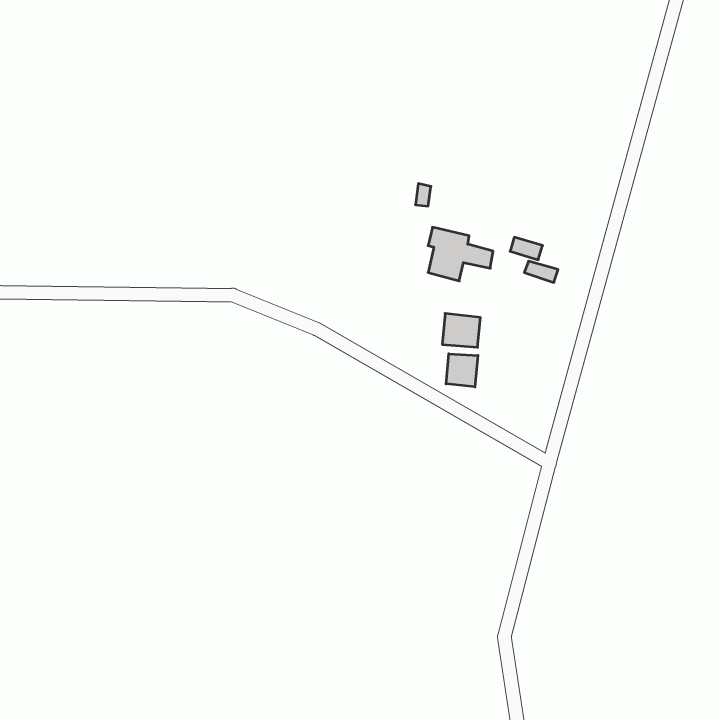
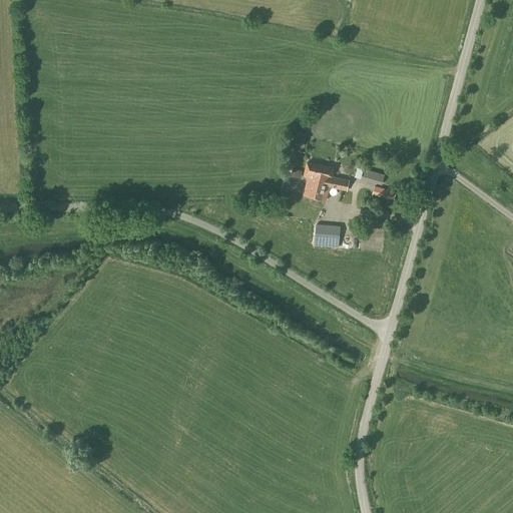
building: [446,354,478,387] -> none

